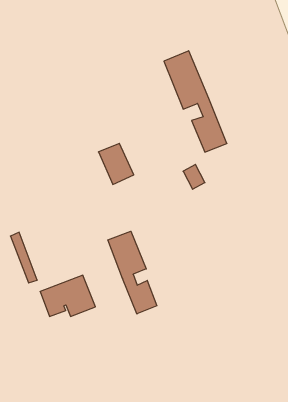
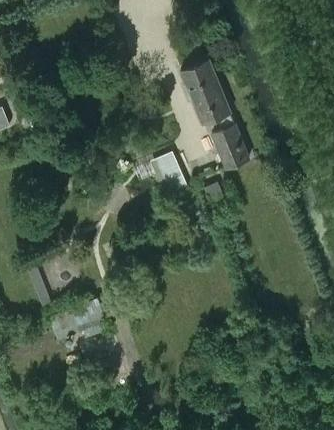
building: [98,143,134,184] -> [149,151,186,194]
building: [108,231,157,314] -> none

